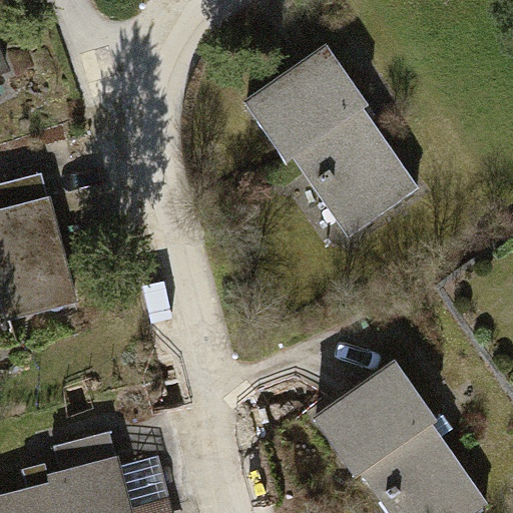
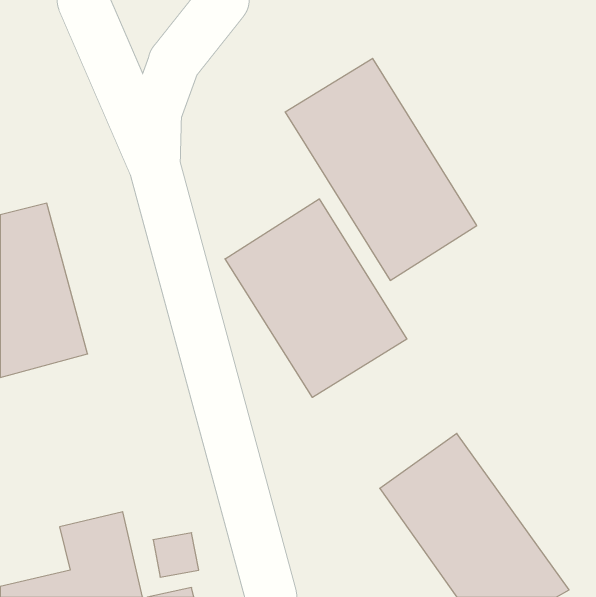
building: none -> [225,199,407,397]

